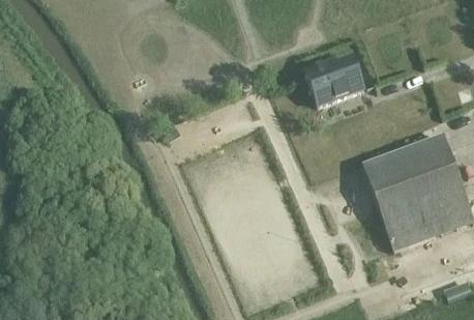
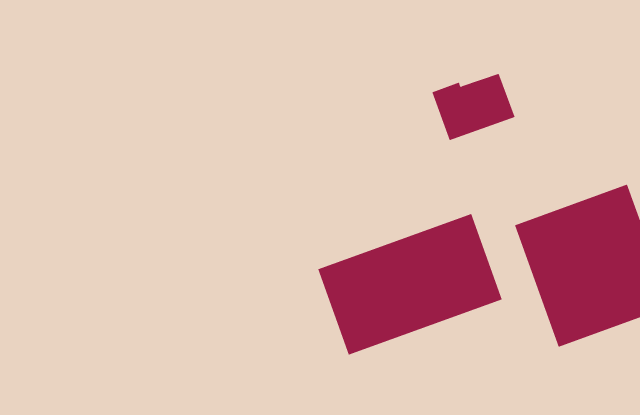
building: none -> [317,213,502,355]

